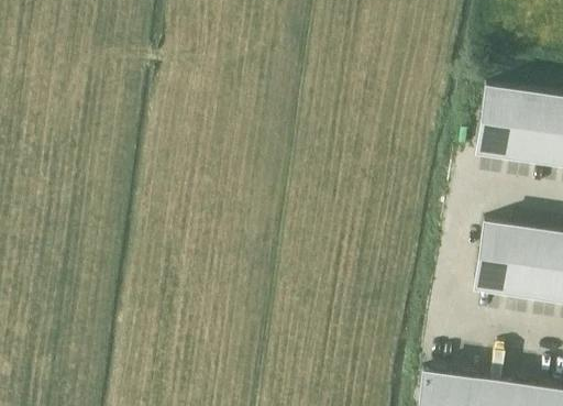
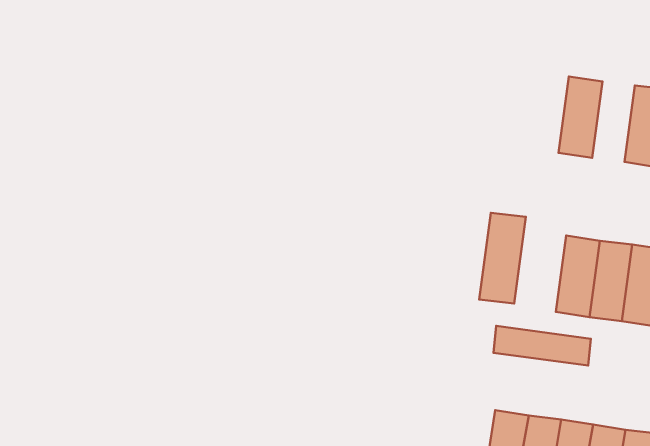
building: [508,91,544,160] -> none
building: none -> [479,213,526,304]
building: none -> [493,326,591,366]

